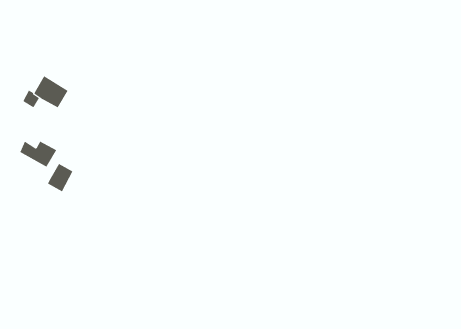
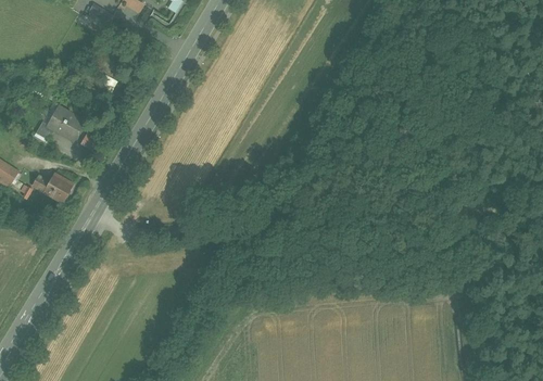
building: [47,163,73,192] -> none

